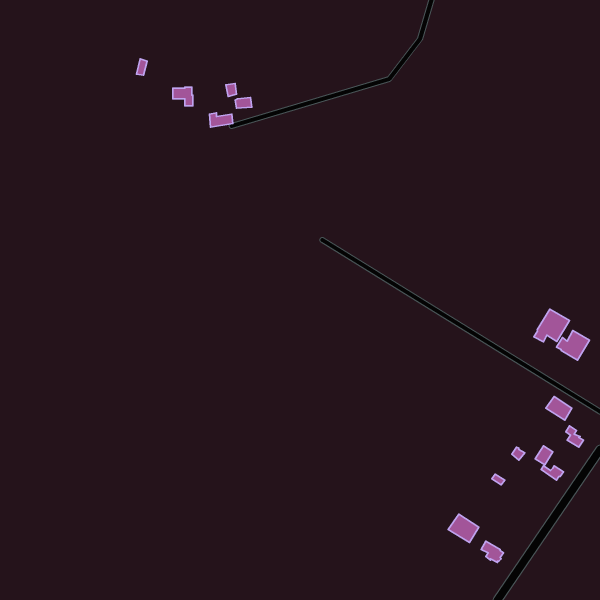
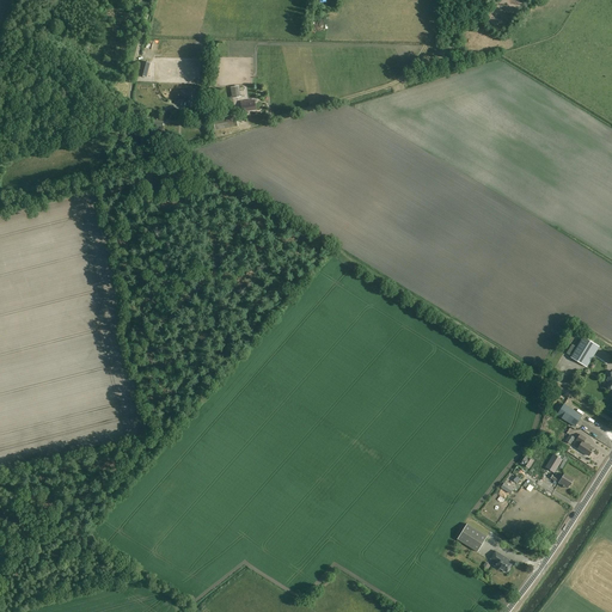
building: [534,309,569,342] -> none

